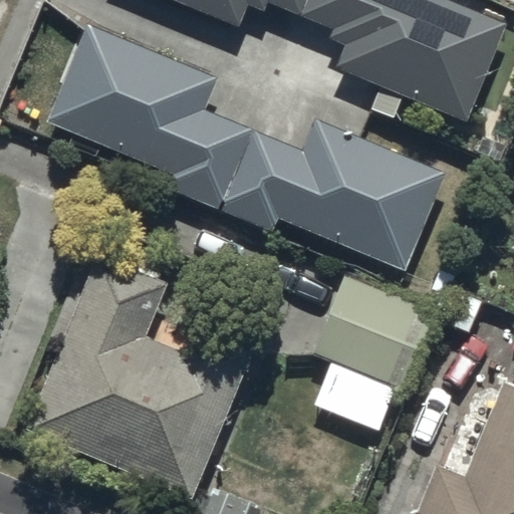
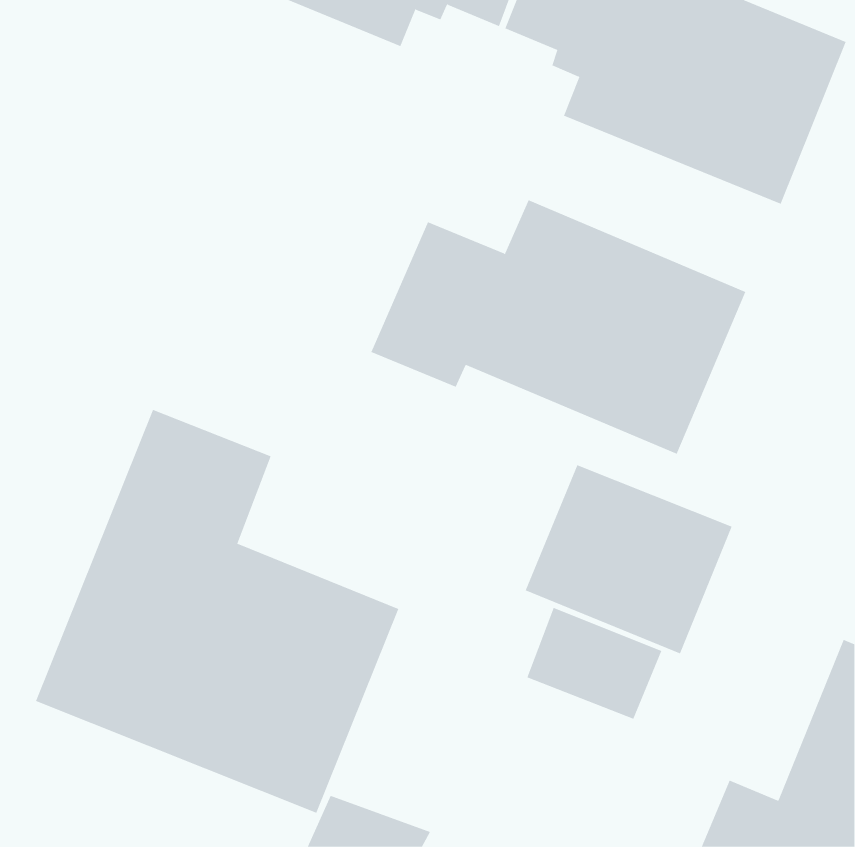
building: [48,25,253,209] -> none

